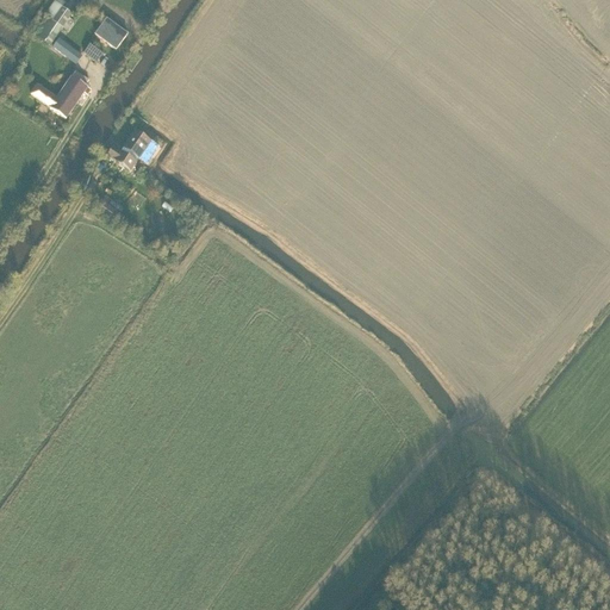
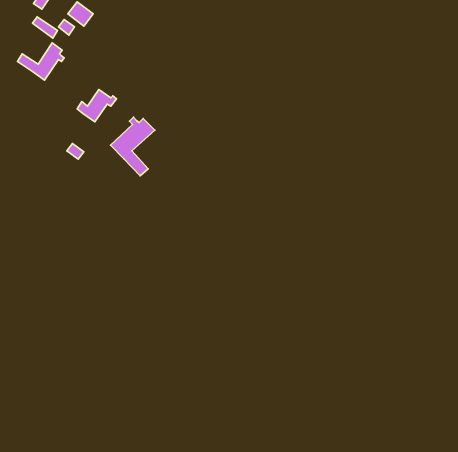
building: none -> [111,117,155,176]

